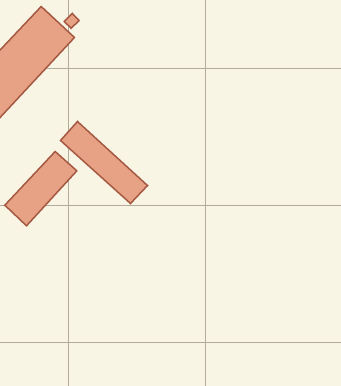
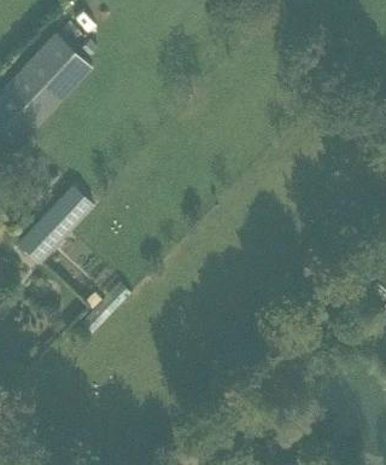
building: [61,121,148,204] -> none

